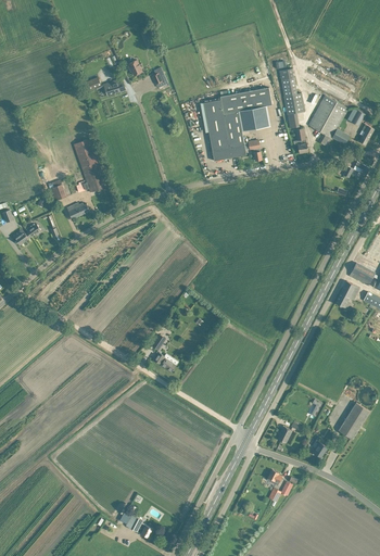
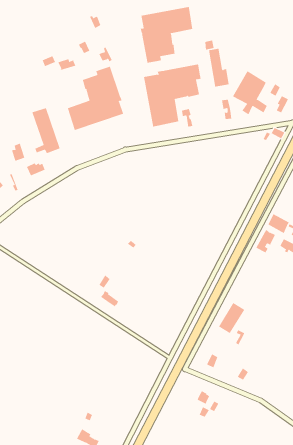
building: none -> [140,6,193,64]
building: none -> [67,66,124,131]
building: [337,402,368,439] -> [218,302,245,334]

